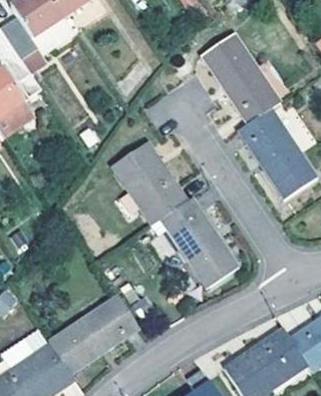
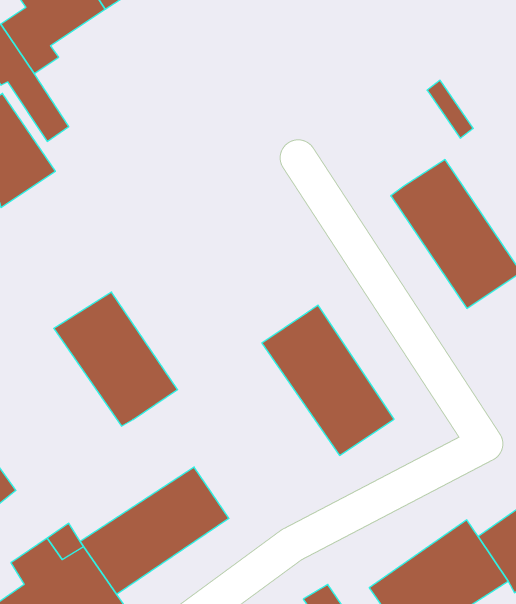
building: [202,35,280,124] -> none
building: [111,142,187,224] -> [54,292,178,426]

